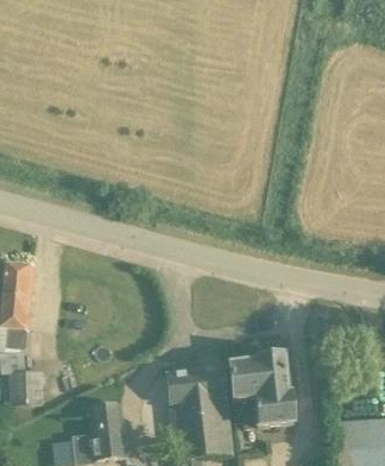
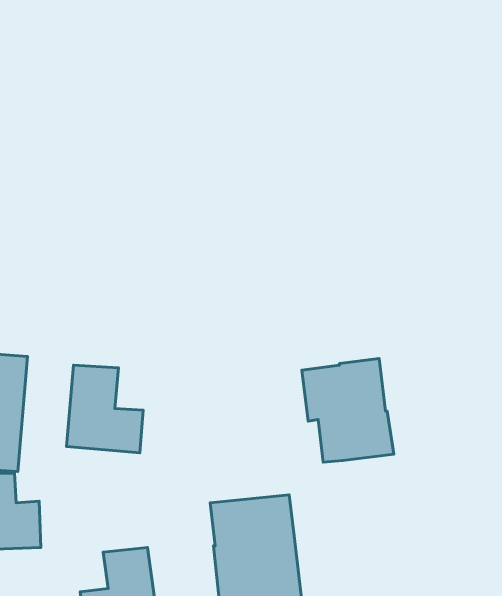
building: none -> [66,365,143,453]
building: [227,353,294,428] -> [302,359,394,462]

